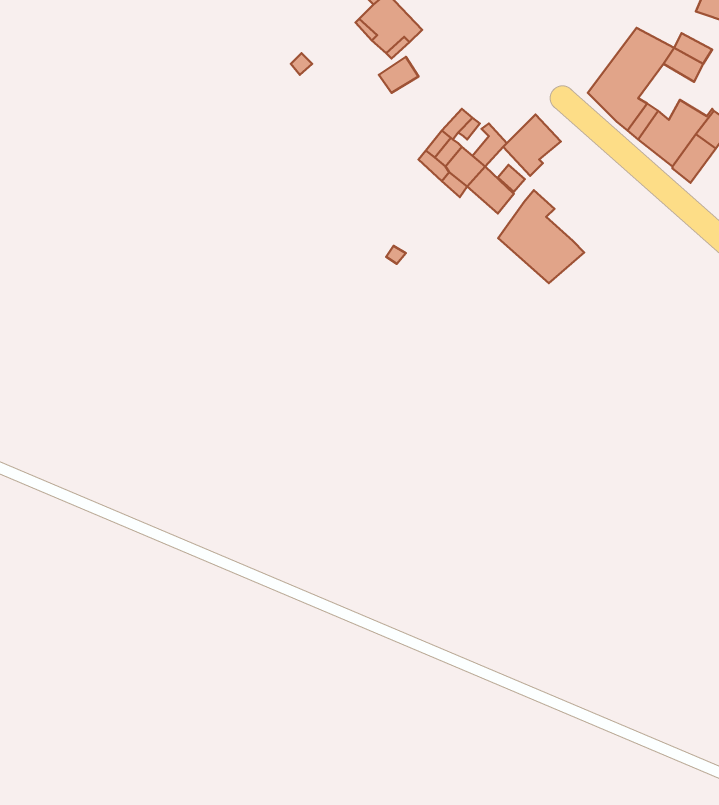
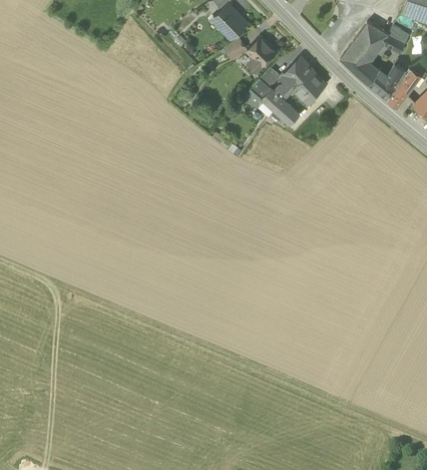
building: none -> [247,37,276,72]
building: none -> [284,57,313,86]
building: [498,190,584,283] -> none

